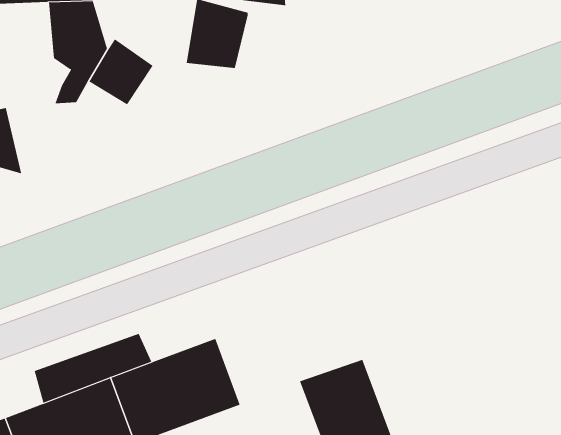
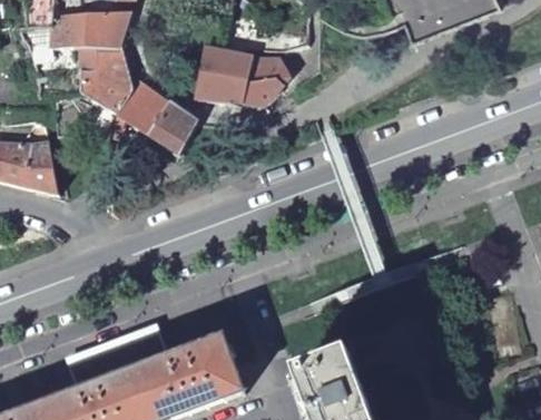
building: none -> [239,58,288,106]
building: none -> [147,101,196,154]

